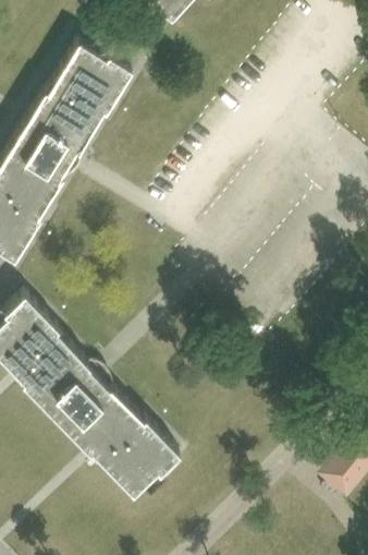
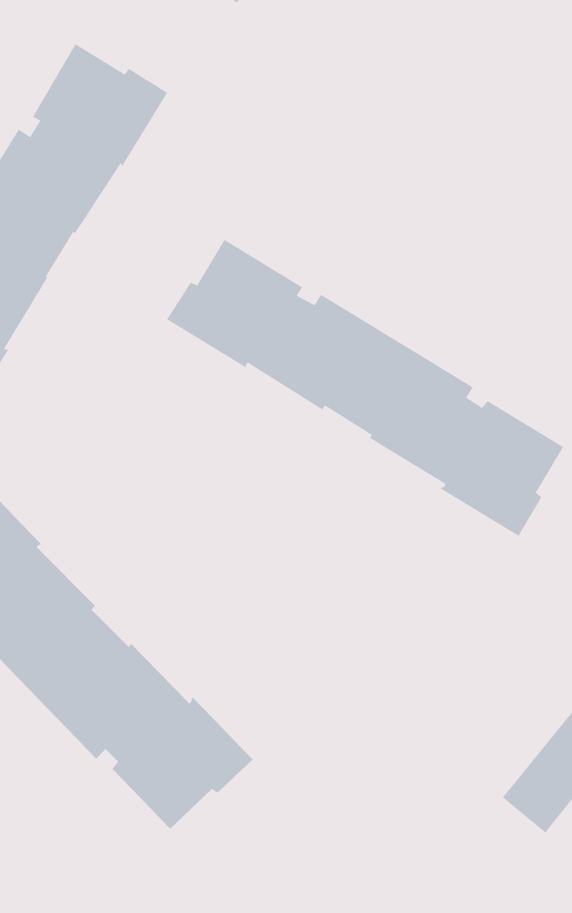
building: none -> [166,239,564,537]

